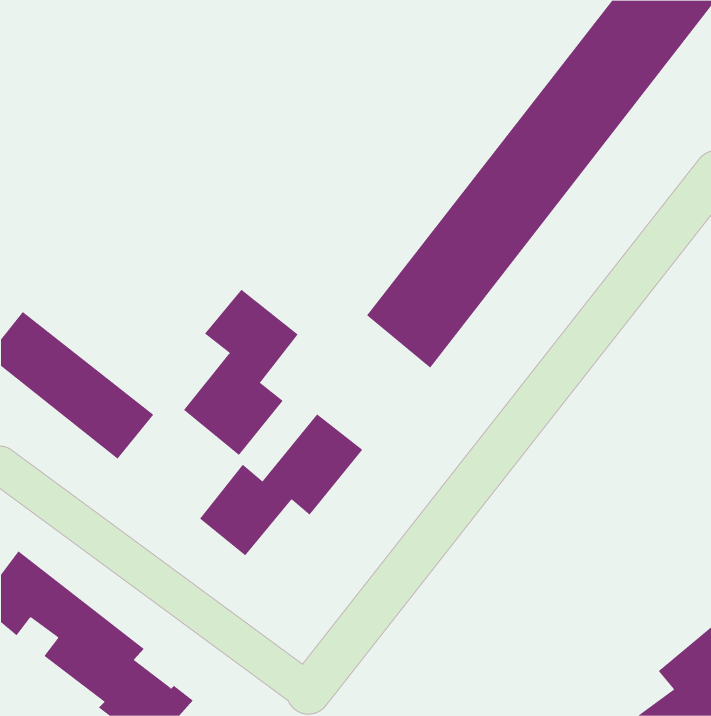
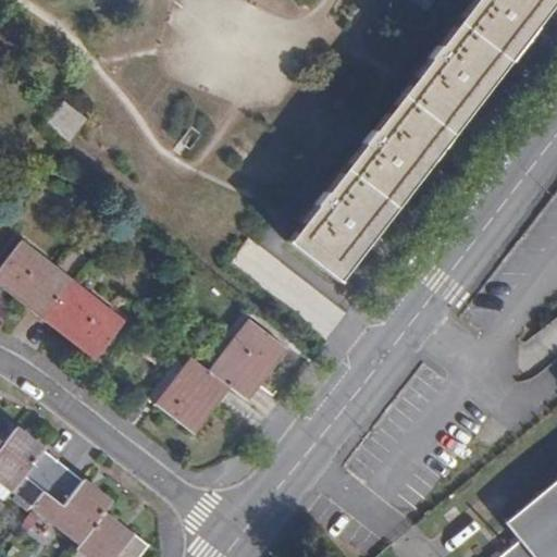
building: [183,289,298,456] -> none

